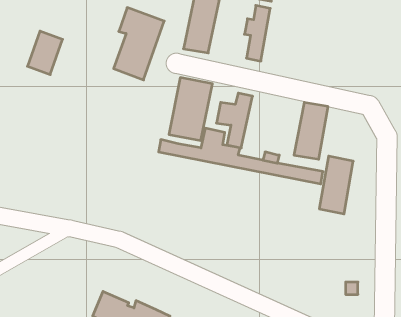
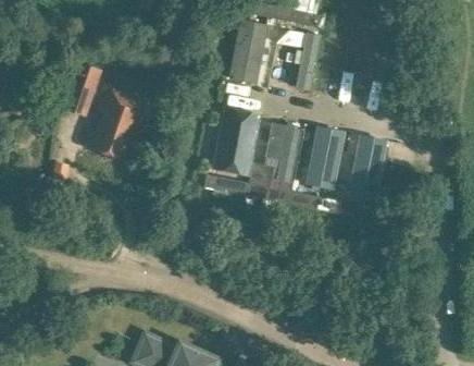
building: [114,8,164,80] -> [91,85,145,161]
building: [319,156,353,214] -> [304,126,340,187]

